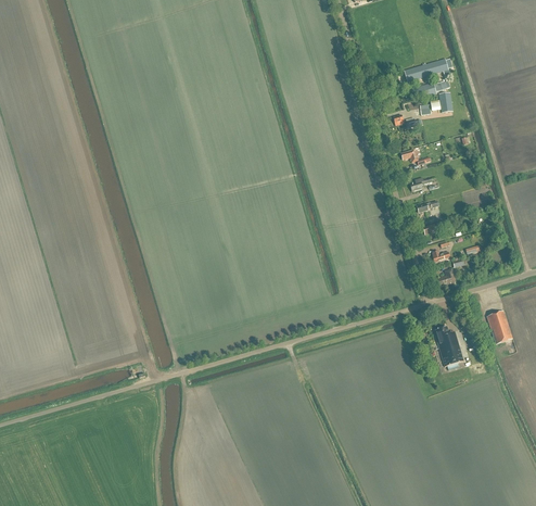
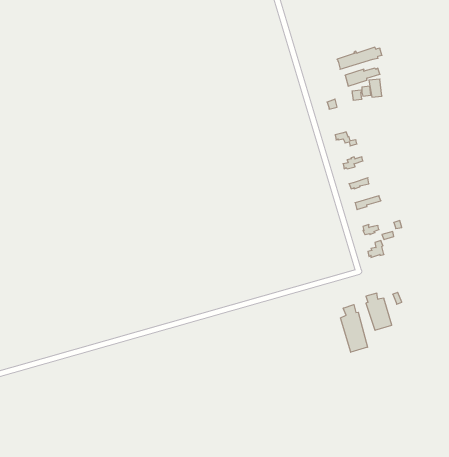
building: [486,311,512,344] -> none
building: none -> [341,305,368,352]

